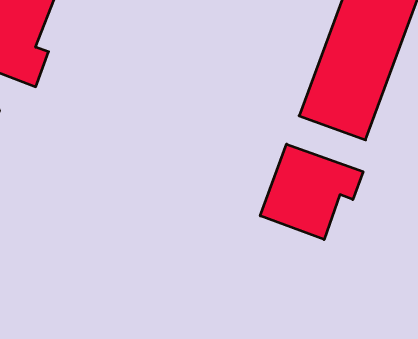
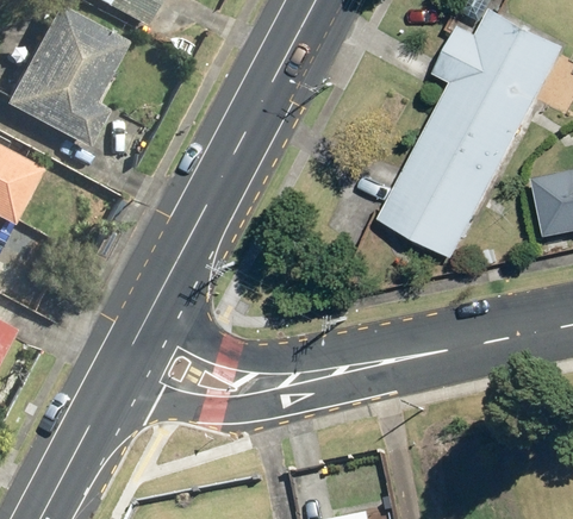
building: [260,144,363,240] -> none

